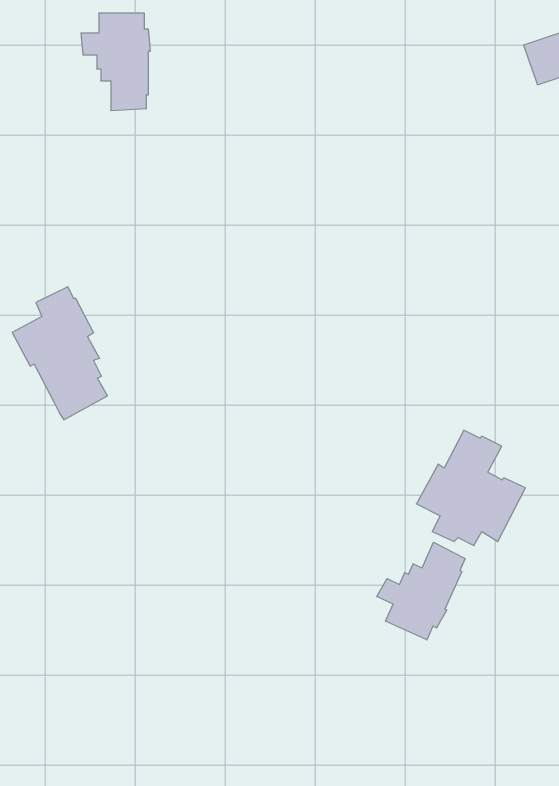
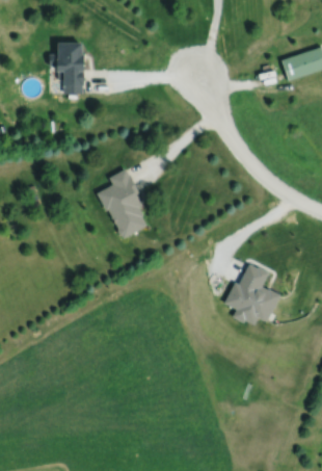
building: [12,287,107,420] -> [98,169,147,239]
building: [377,542,465,640] -> none

